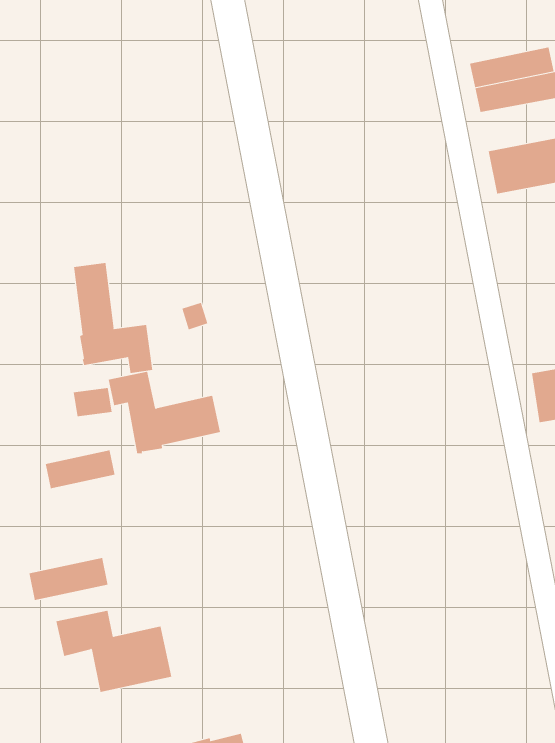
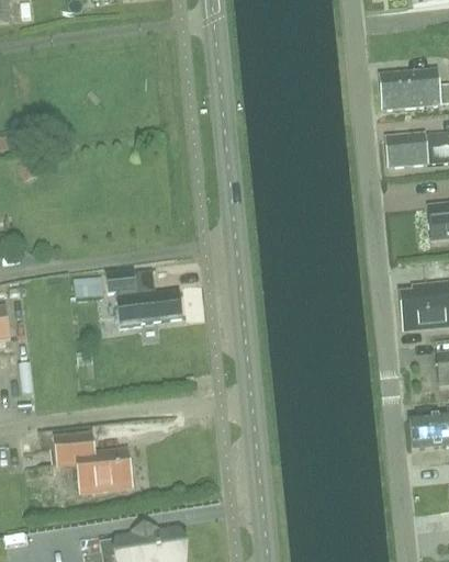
building: [73,262,153,374] -> none
building: [45,450,115,489] -> none
building: [29,557,108,601] -> none

